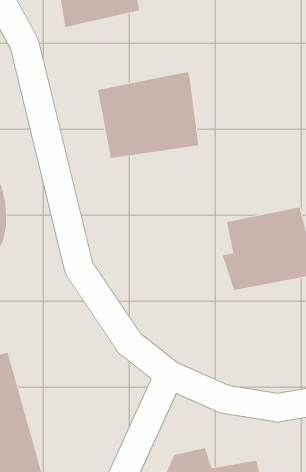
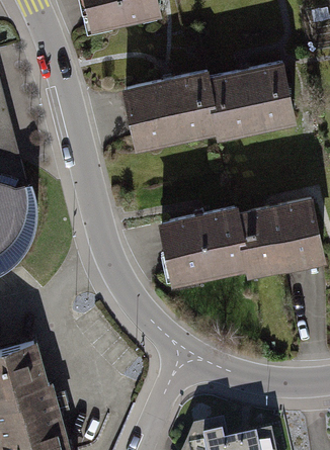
building: none -> [209,65,297,142]
building: none -> [161,205,248,285]

